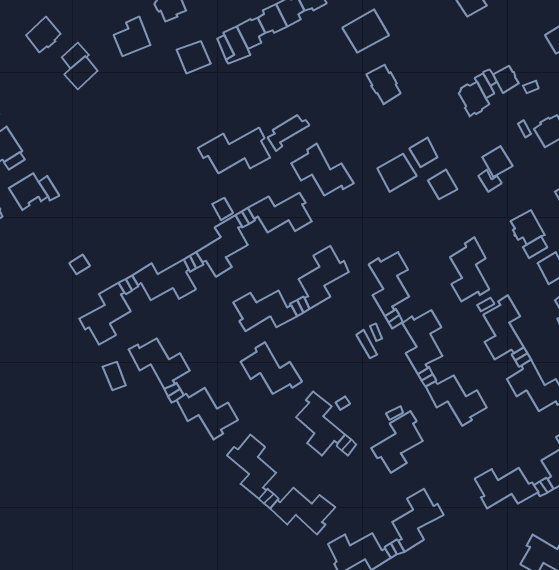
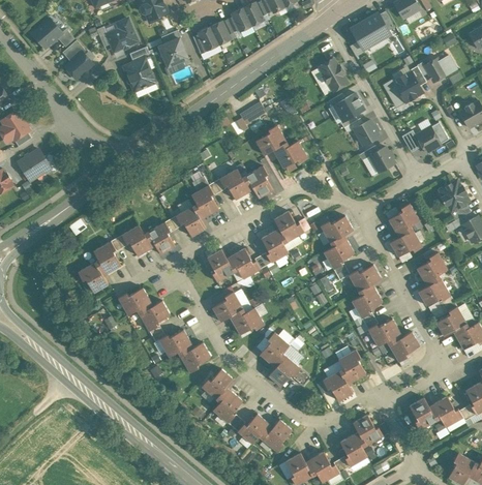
building: [342,9,389,53] -> [350,13,389,50]
building: none -> [123,58,154,92]
building: [198,128,270,173] -> none
building: [377,154,417,192] -> [334,89,367,121]

